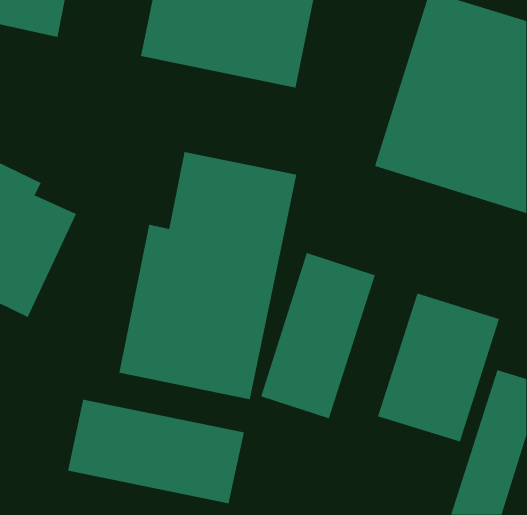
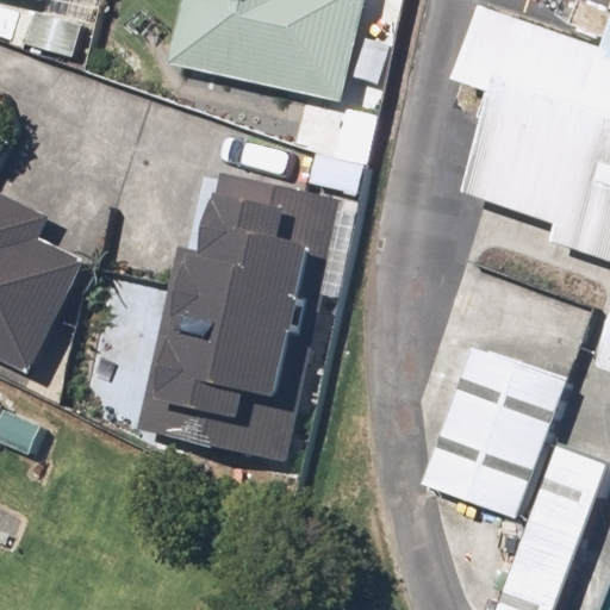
building: [260,252,375,419] -> none
building: [67,399,244,504] -> none

